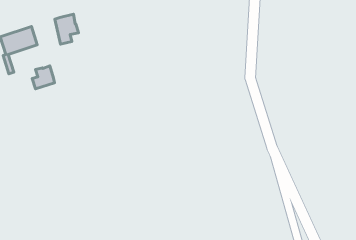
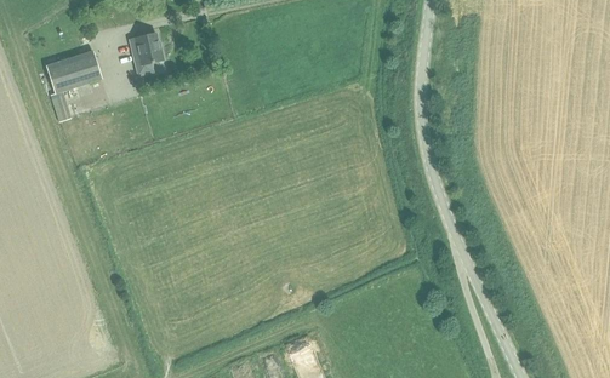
building: [32,66,55,89] -> none

